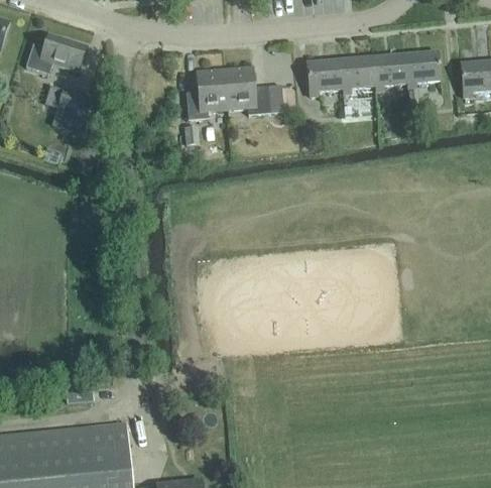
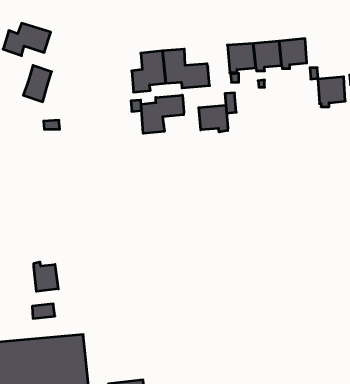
building: [402,50,437,88] -> [318,77,345,107]
building: none -> [141,95,184,133]
building: none -> [199,105,228,132]
building: none -> [34,262,58,291]

